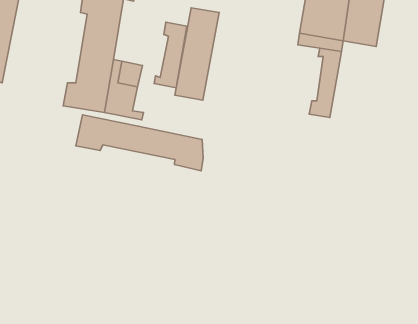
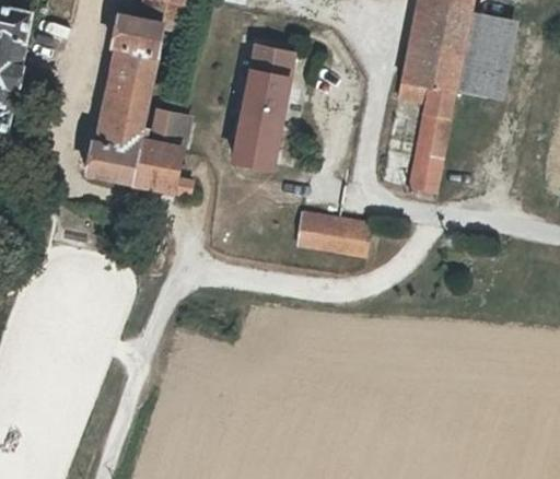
building: [154,22,187,88] -> none
building: [76,115,203,171] -> none
building: none -> [296,210,371,253]

